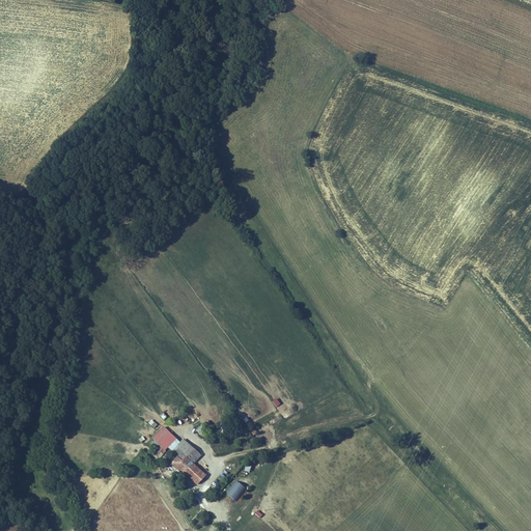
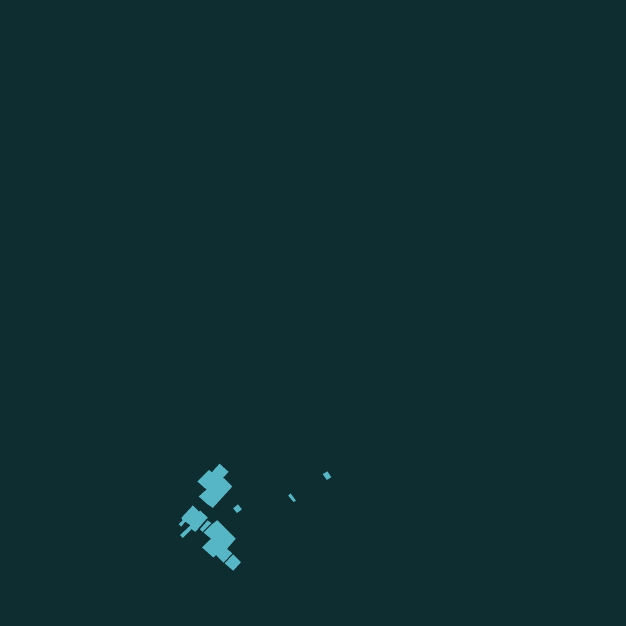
building: none -> [197,463,233,509]

